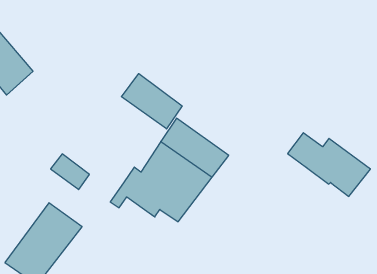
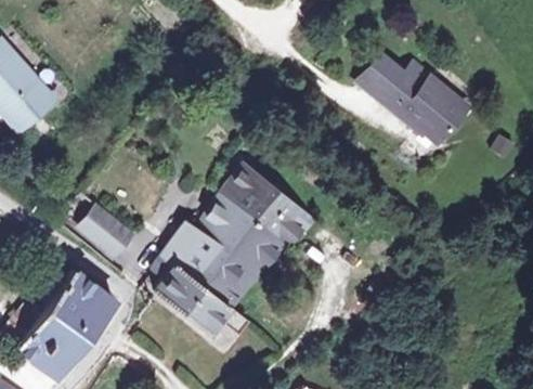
building: [121,74,182,129] -> none
building: [288,133,370,196] -> [368,59,477,142]
building: none -> [154,264,252,337]

